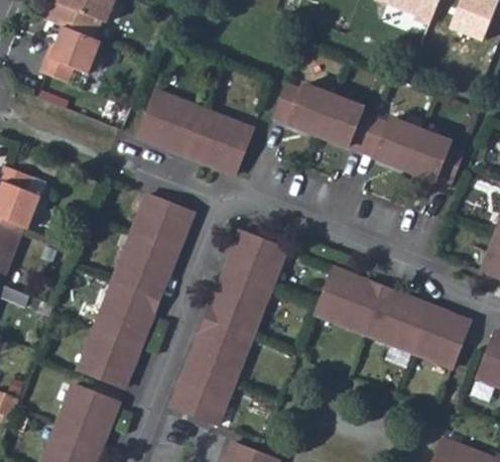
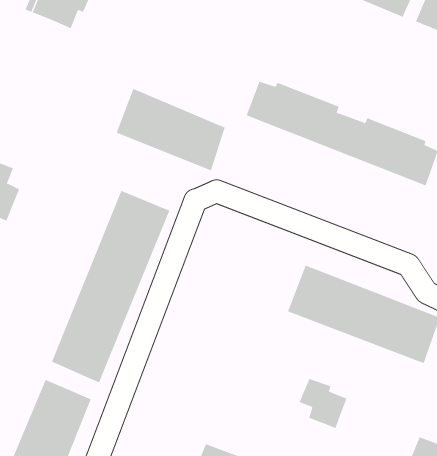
building: [47,21,110,74] -> none
building: [169,232,284,424] -> none
building: none -> [299,378,347,429]

